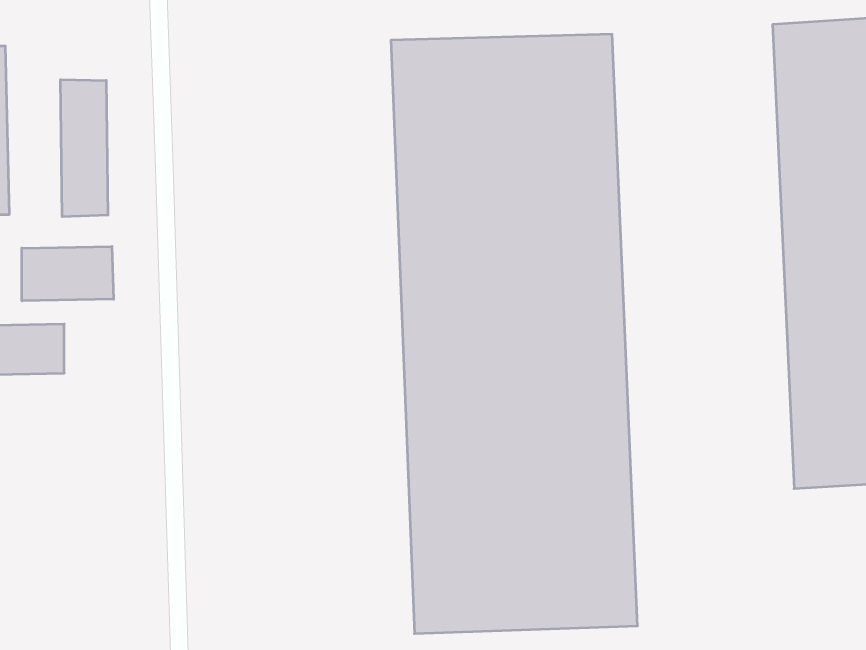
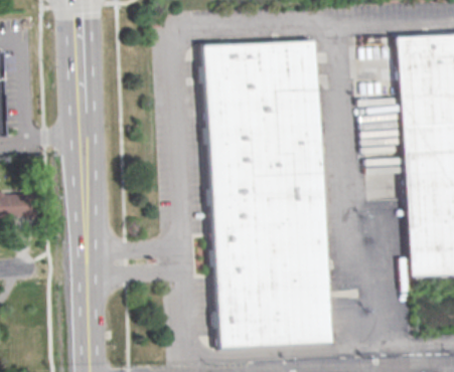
building: [61,80,108,217] -> none
building: [22,246,114,301] -> none

